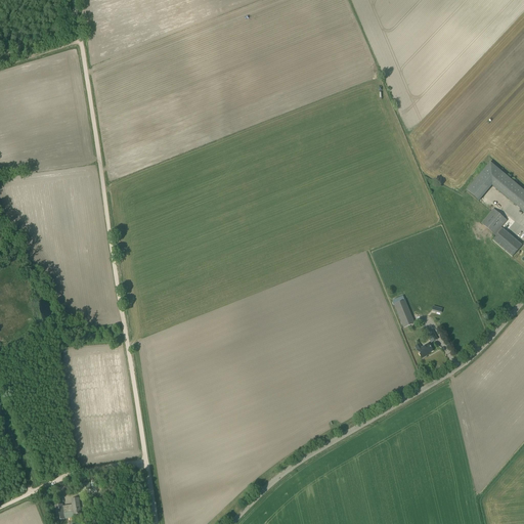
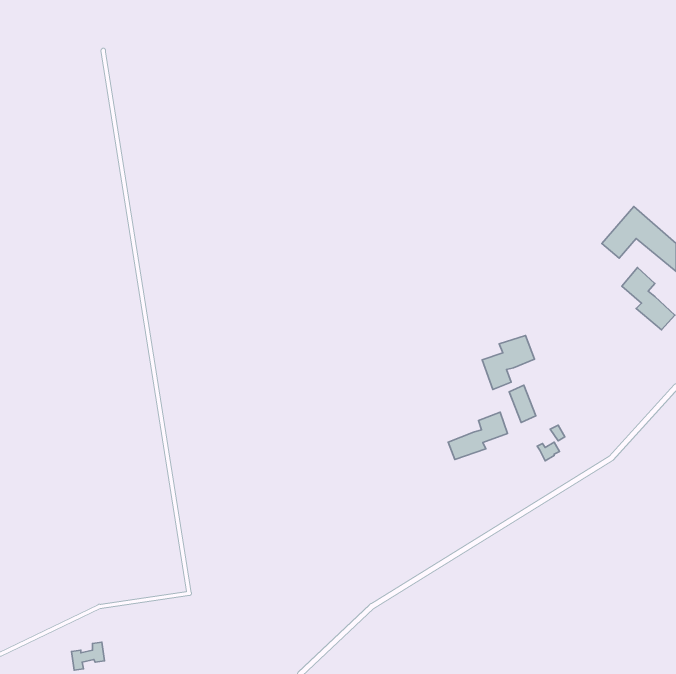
building: none -> [482,336,535,389]
building: none -> [448,412,507,459]

